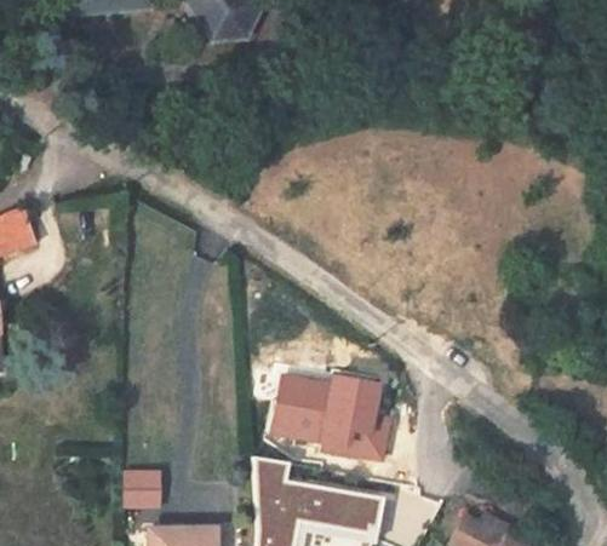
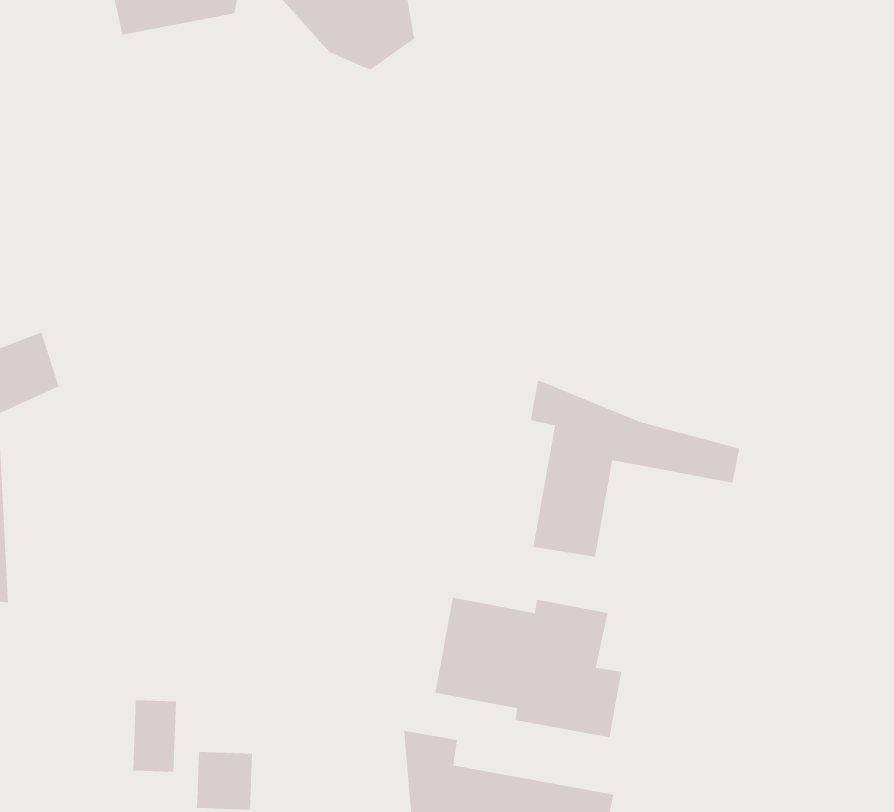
building: none -> [530,379,740,557]
building: none -> [133,699,176,773]

